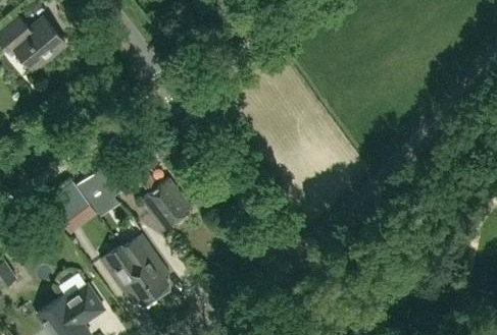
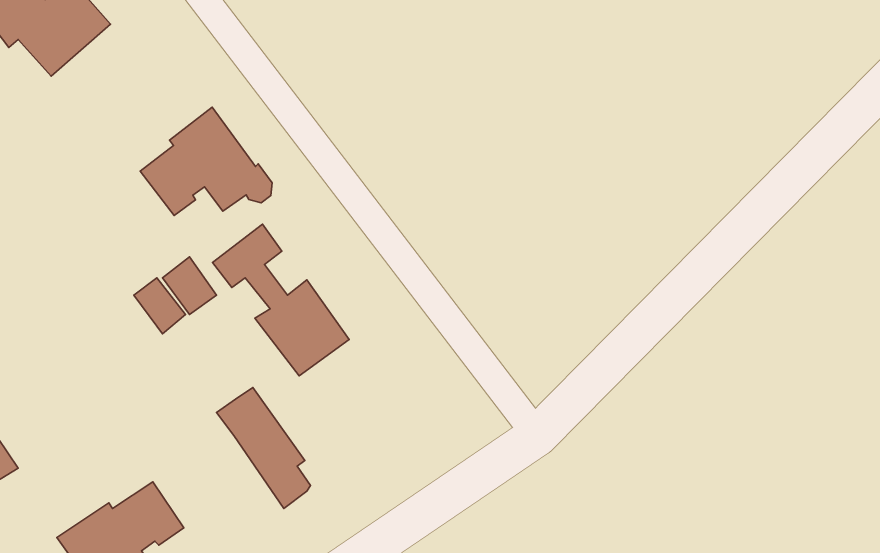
building: none -> [140,107,272,215]
building: [46,180,91,223] -> none
building: [104,248,158,306] -> none

